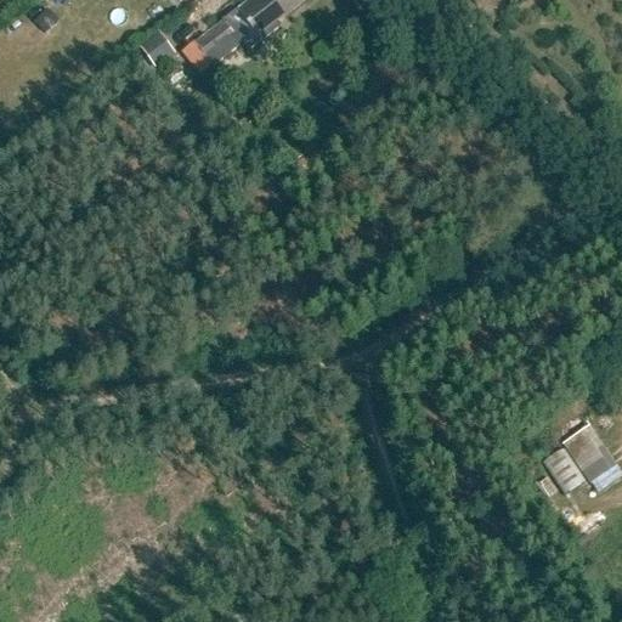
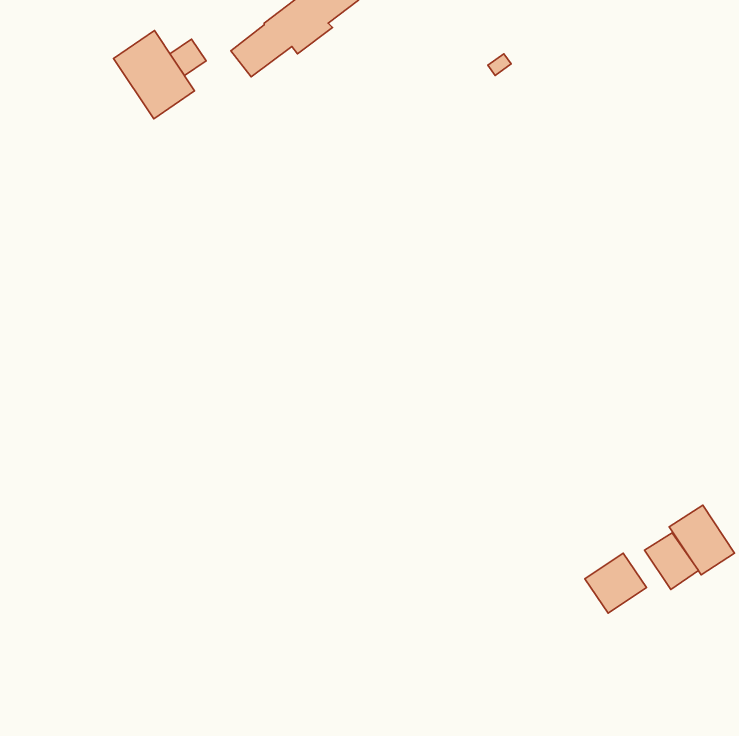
building: none -> [114,31,195,119]
building: none -> [585,553,647,613]

